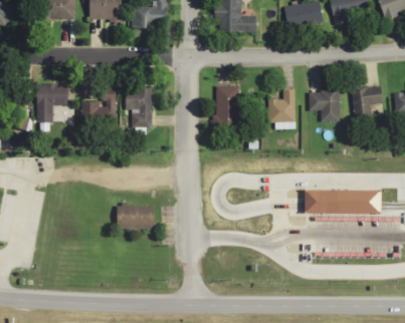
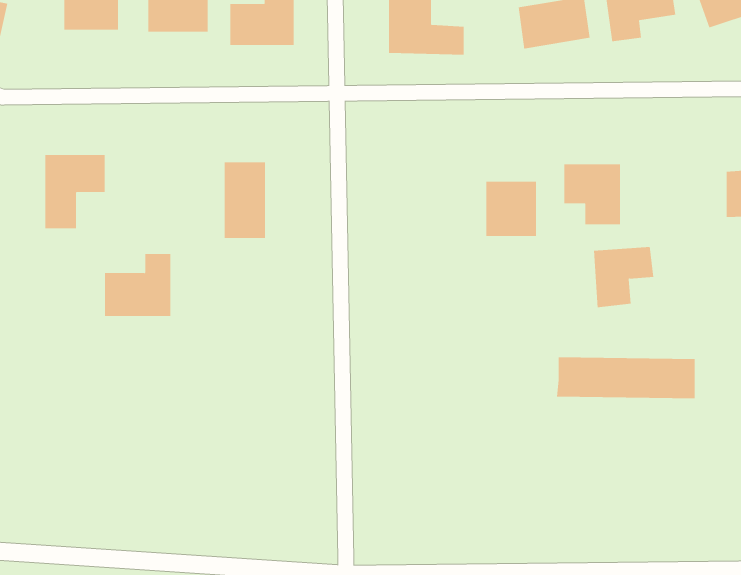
building: [213,85,238,132] -> none
building: [351,87,383,119] -> [593,247,654,308]
building: [80,91,116,124] -> [104,253,171,317]
building: [119,206,155,229] -> none

